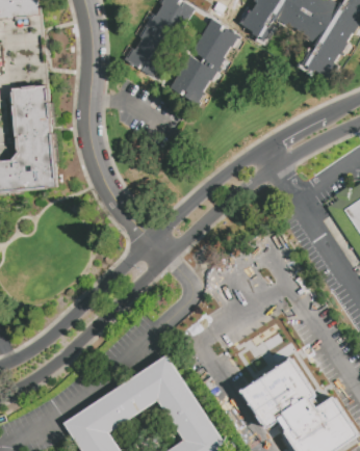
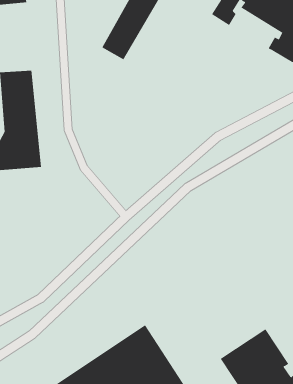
building: [165,20,229,103] -> none

